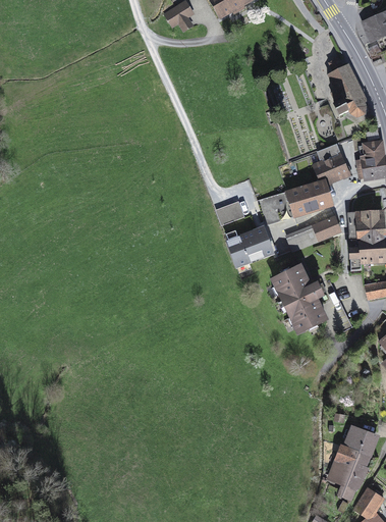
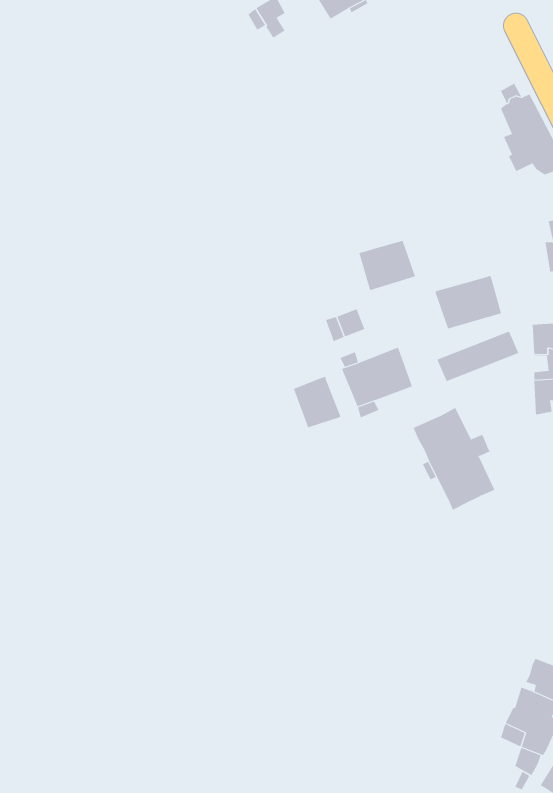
building: [314,144,349,182] -> none
building: [259,192,295,224] -> [359,240,416,291]
building: none -> [293,376,341,428]

